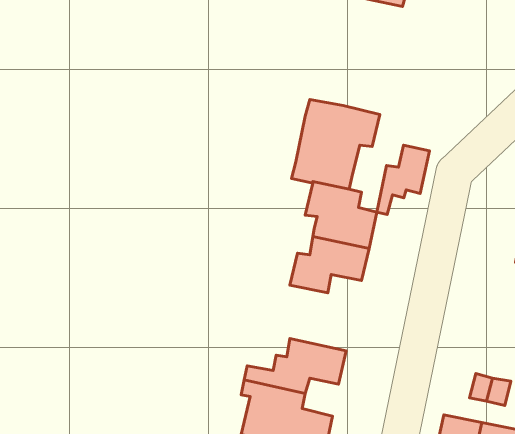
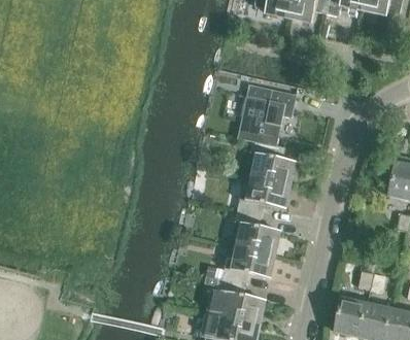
building: [377,145,430,214] -> none
building: none -> [233,211,281,256]

